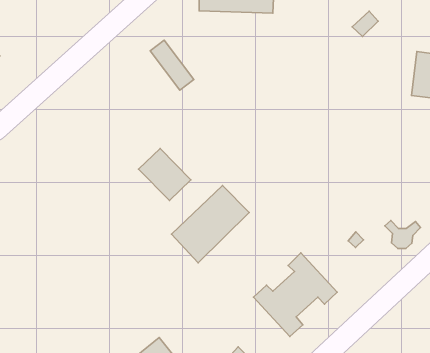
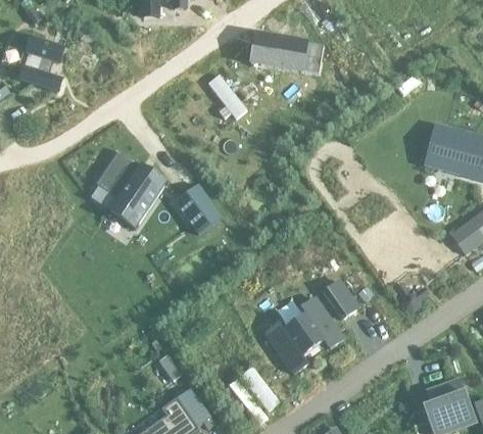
building: none -> [96,149,166,225]
building: [172,185,249,263] -> none
building: none -> [324,279,358,318]

